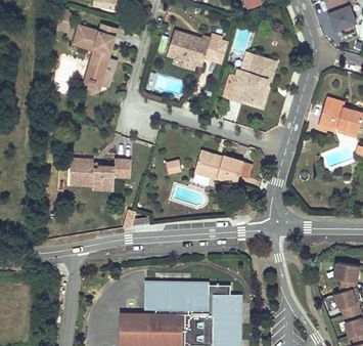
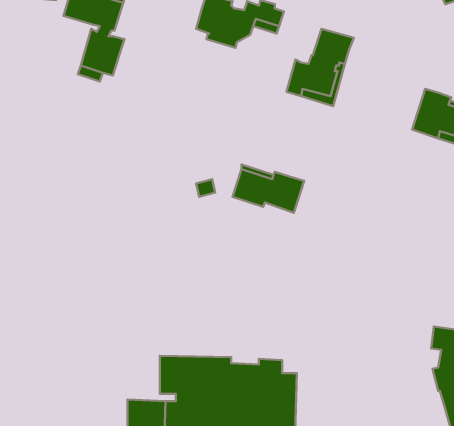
building: [69,157,131,188] -> none

